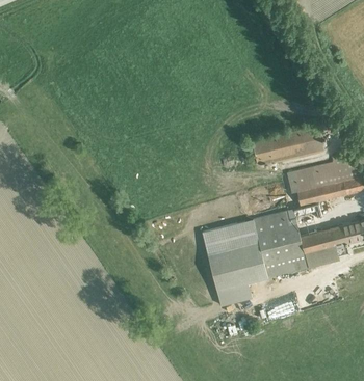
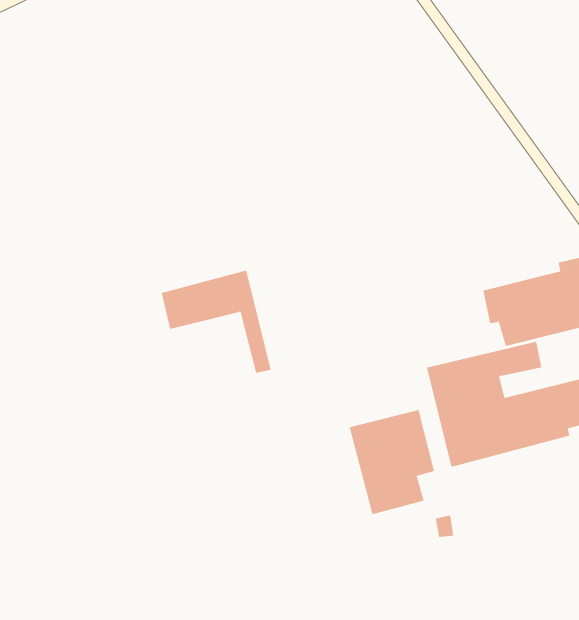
building: [252,126,323,166] -> none
building: [202,219,267,280] -> [161,270,271,373]

